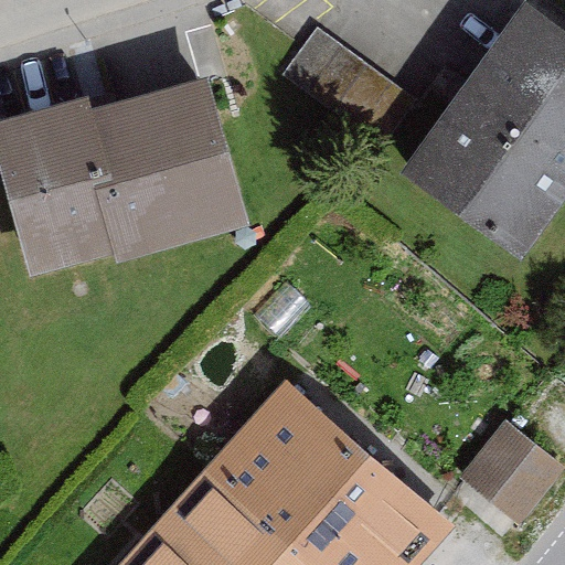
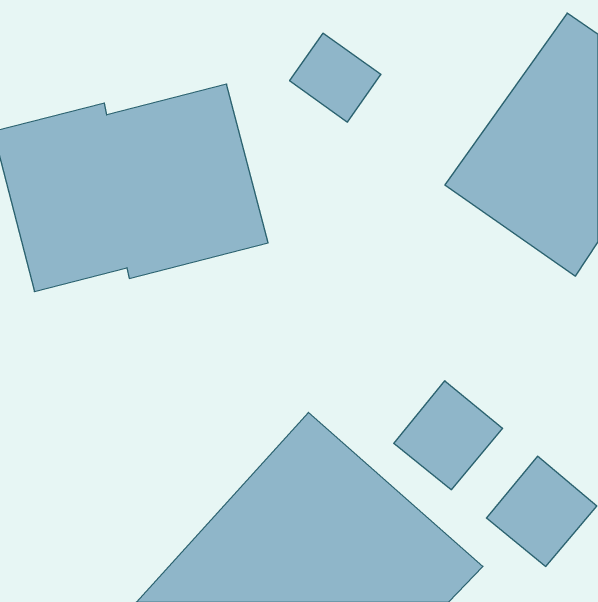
building: none -> [394,381,503,490]

